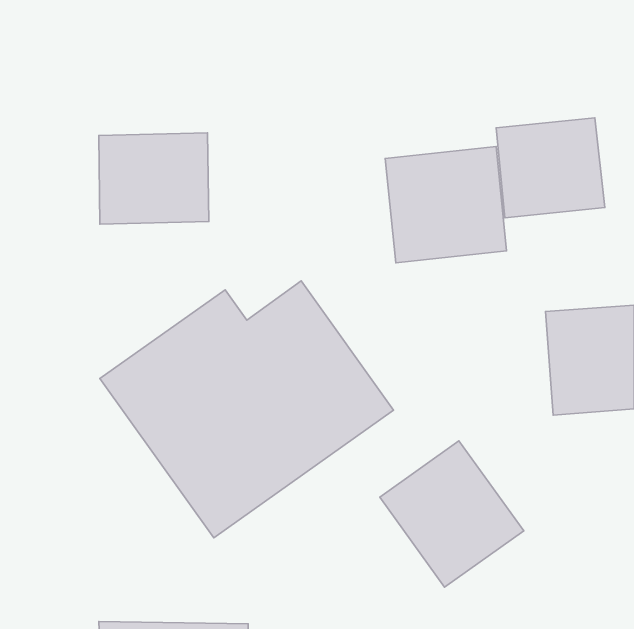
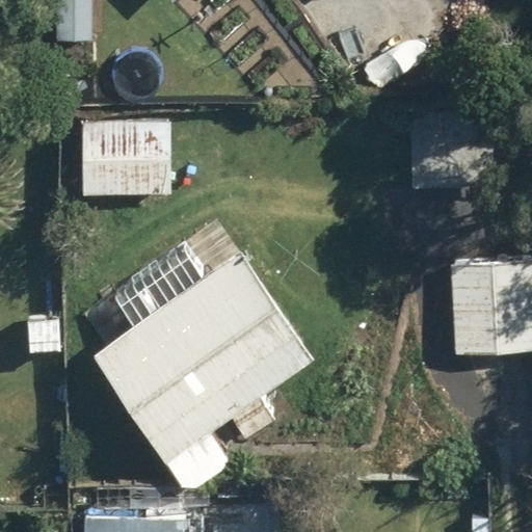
building: [385,147,507,263] -> none
building: [380,441,524,587] -> none

